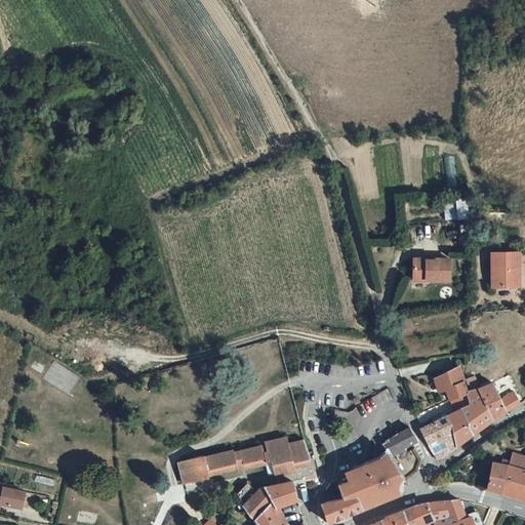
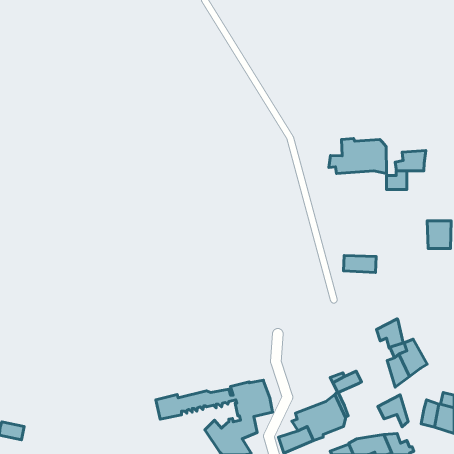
building: none -> [329,139,386,173]
building: none -> [395,151,426,171]
building: [413,261,451,281] -> [343,256,376,273]
building: [476,382,519,420] -> none
building: [420,416,455,453] -> [378,395,408,427]

